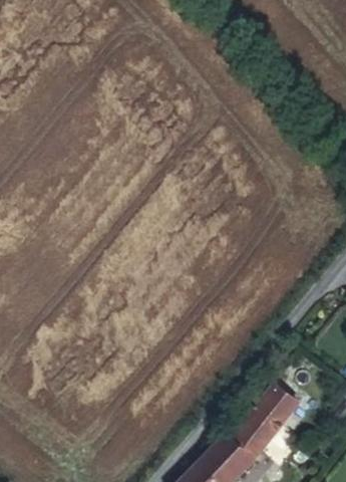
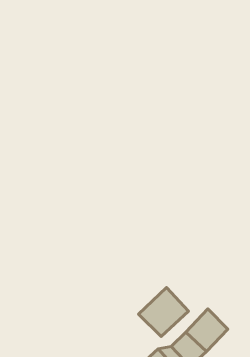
building: none -> [138,287,188,336]

